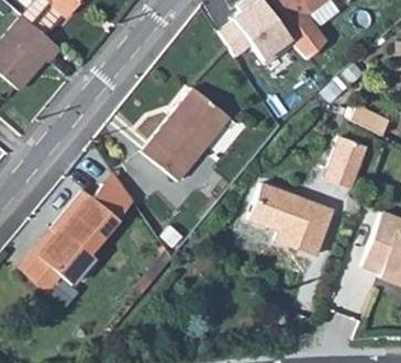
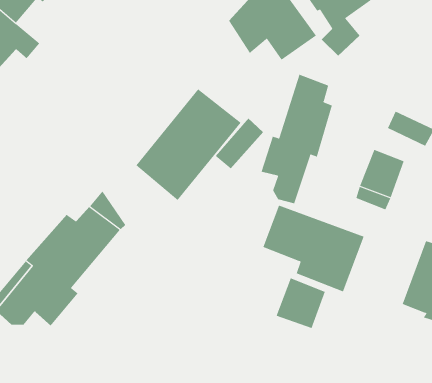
building: none -> [261,74,332,204]
building: none -> [276,277,325,329]

